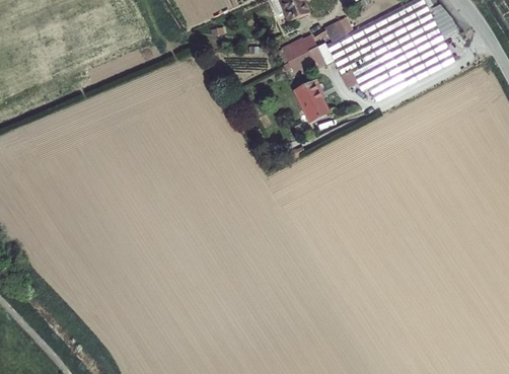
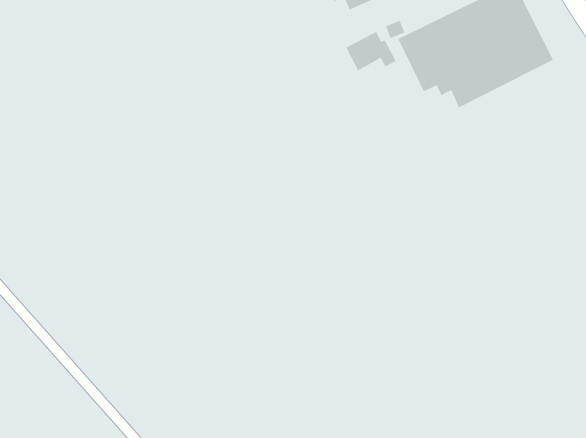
building: [295,80,329,121] -> none

